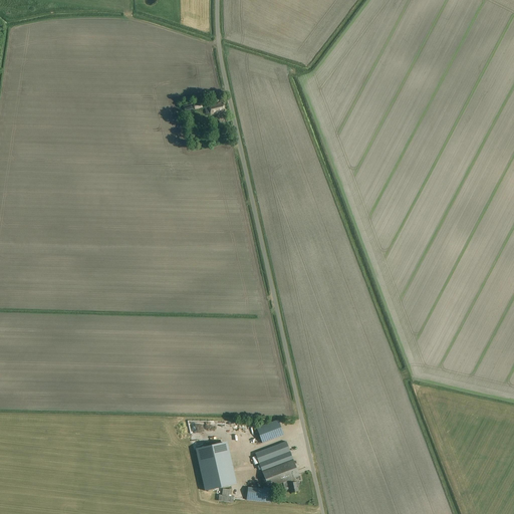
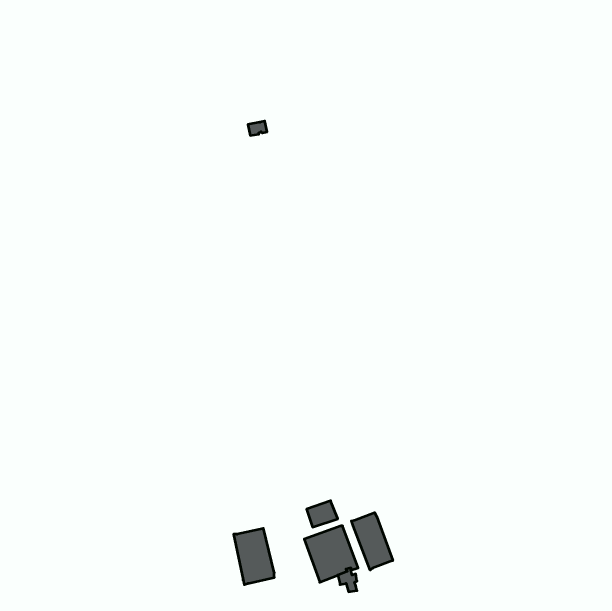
building: none -> [351,513,393,570]

